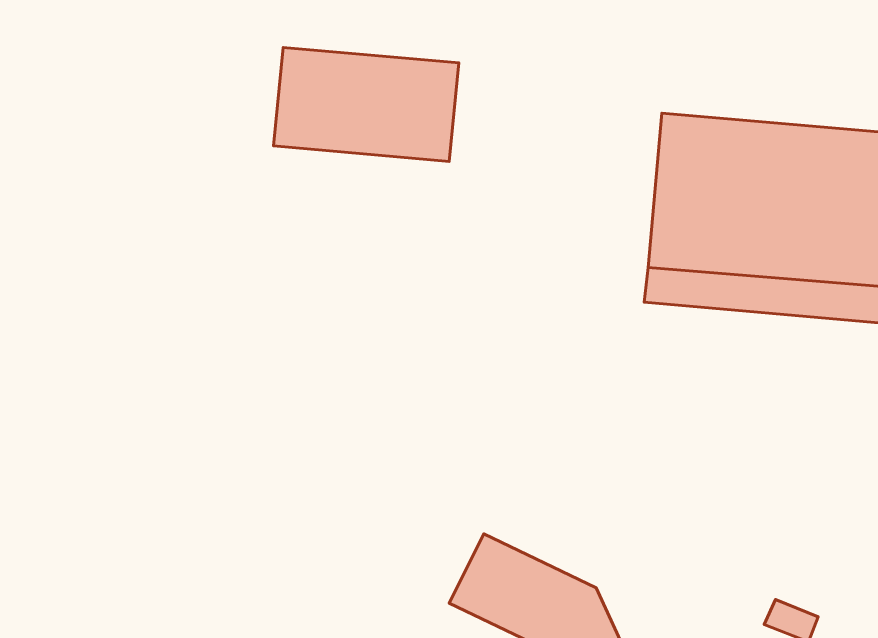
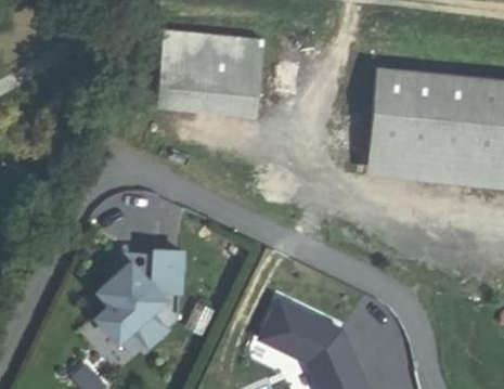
building: none -> [157,85,258,115]
building: none -> [95,252,180,348]

